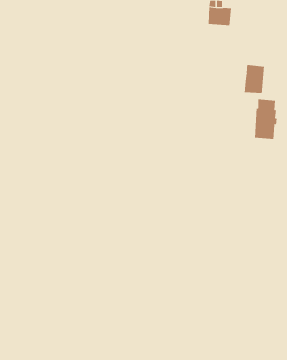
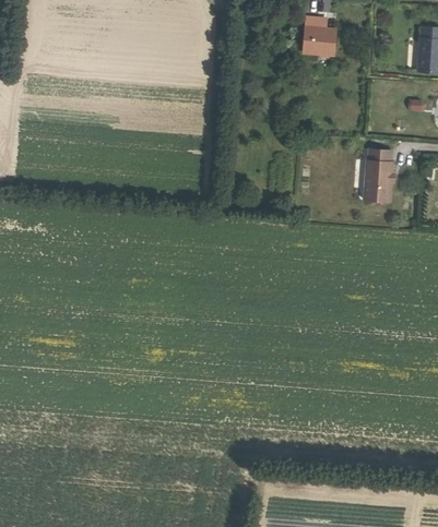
building: [244,64,264,94] -> none

